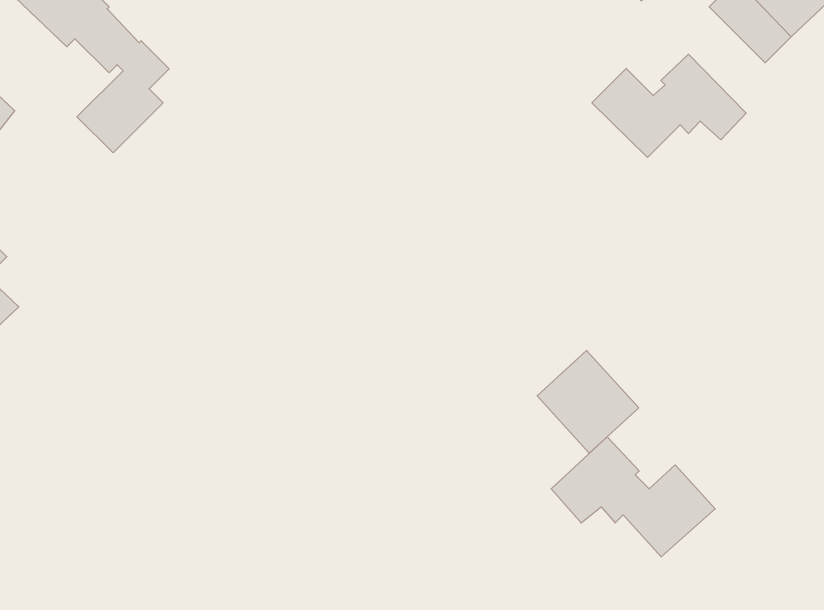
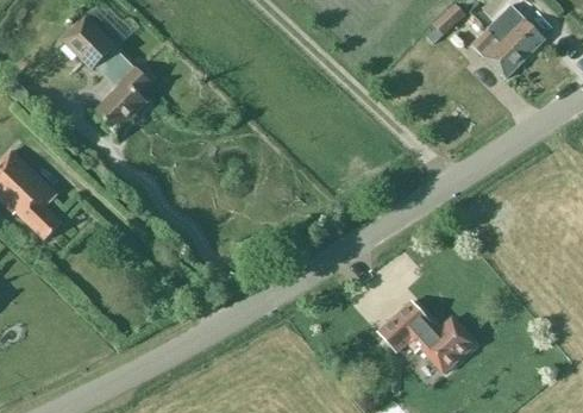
building: [592,54,746,157] -> none
building: [537,350,639,453] -> none

